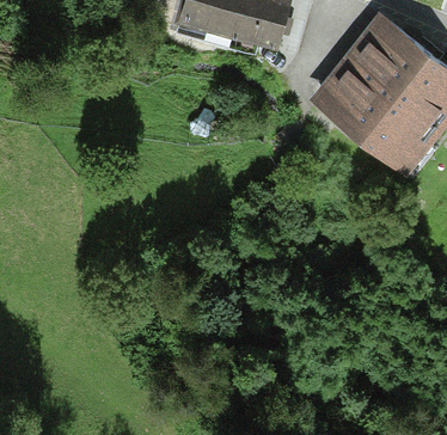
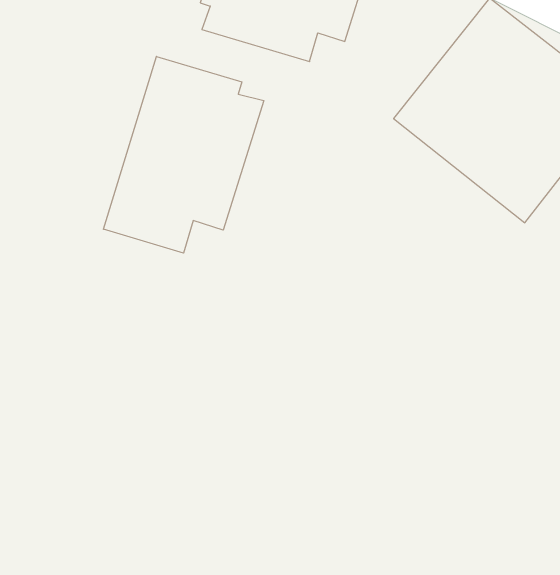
building: none -> [103,56,264,253]

